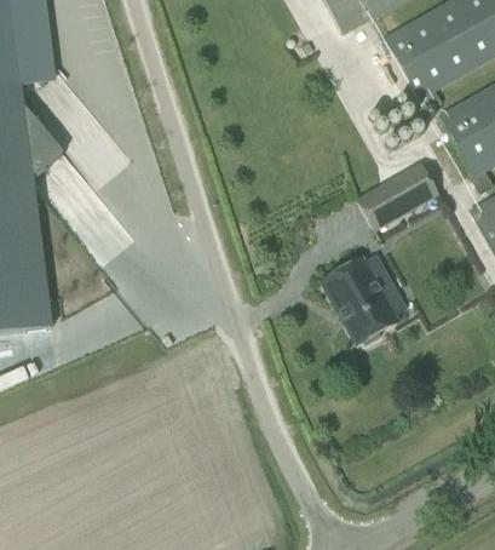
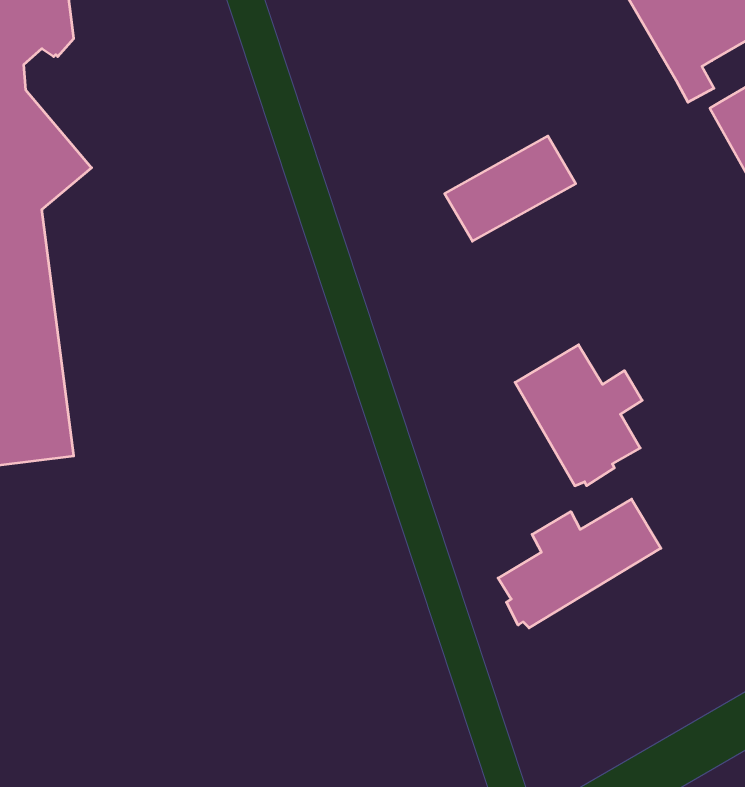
building: [356,164,436,228] -> [445,136,576,241]
building: none -> [498,499,661,628]

